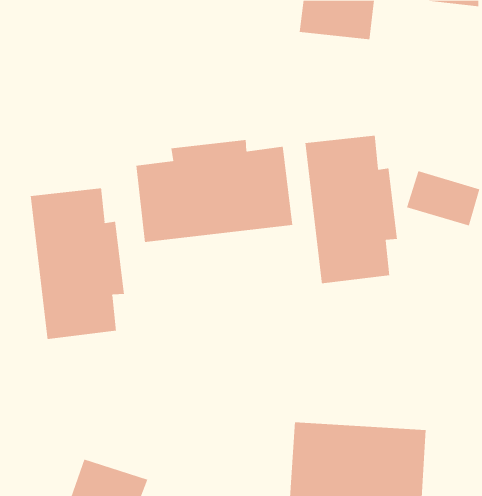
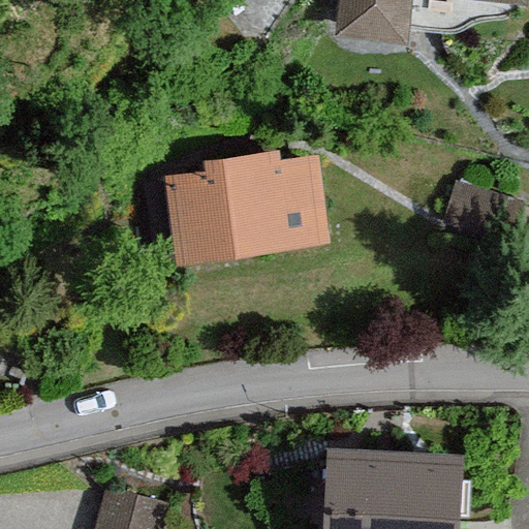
building: [305,135,398,284] -> none
building: [30,187,124,340] -> none

